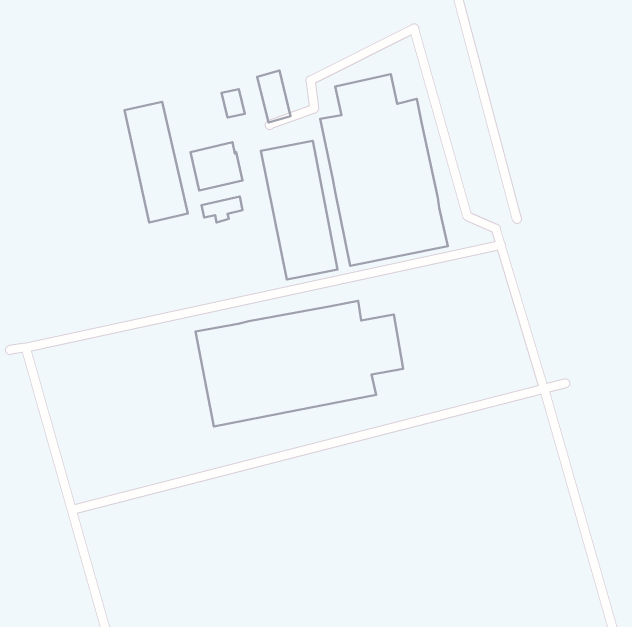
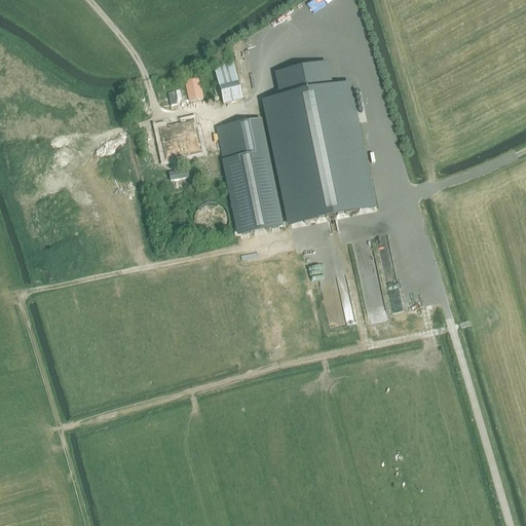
building: [124,102,188,222] -> none
building: [196,301,403,426] -> none

